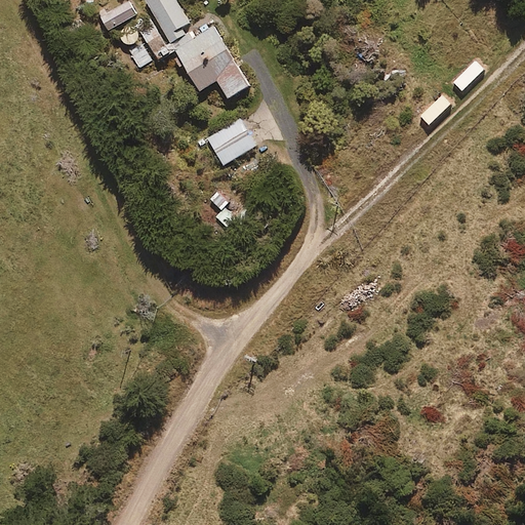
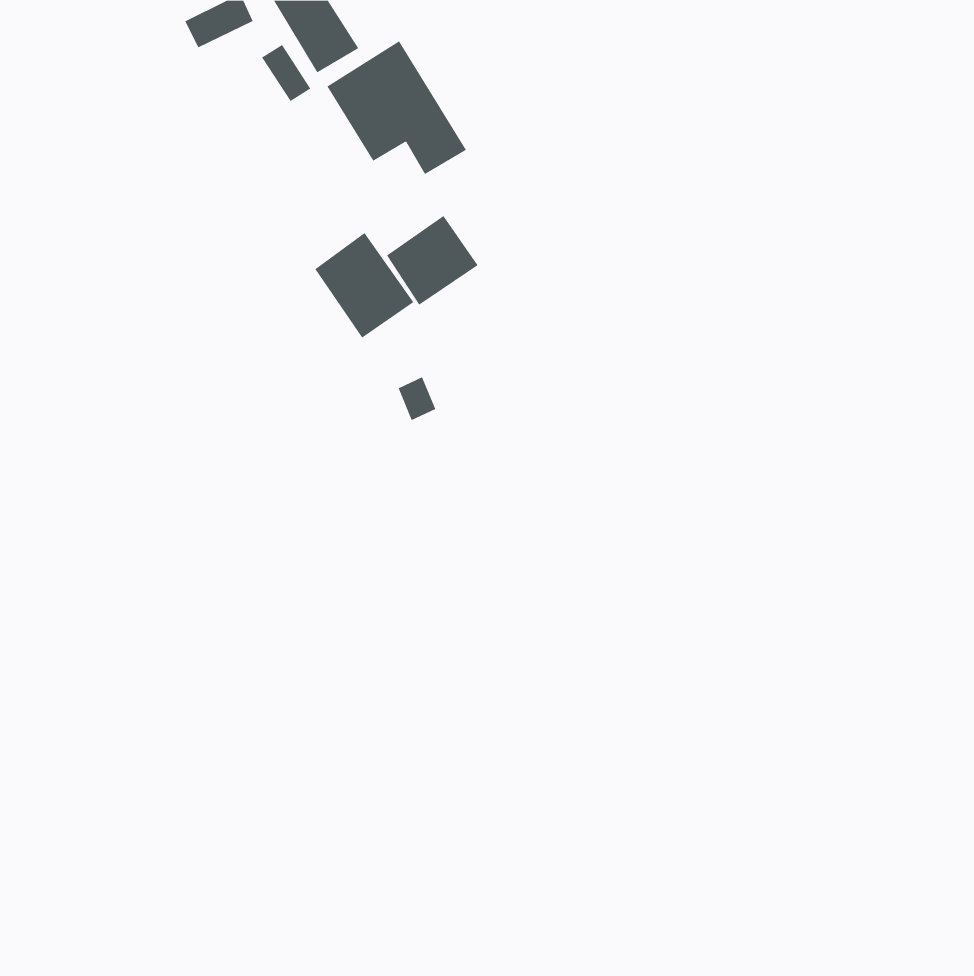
building: none -> [315,232,414,338]

